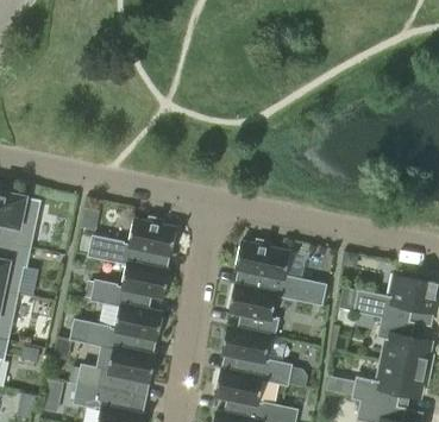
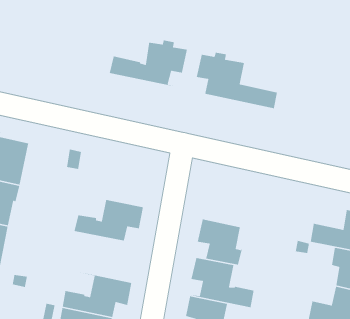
building: [87,218,175,272] -> [109,40,188,89]
building: [233,240,326,304] -> [195,52,278,109]
building: [69,300,162,357] -> none

